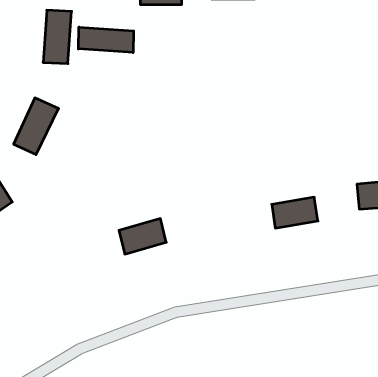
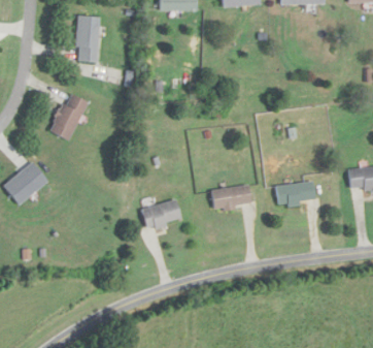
building: [78,27,134,53] -> none
building: none -> [211,187,249,207]

